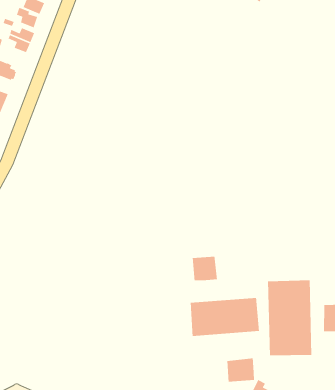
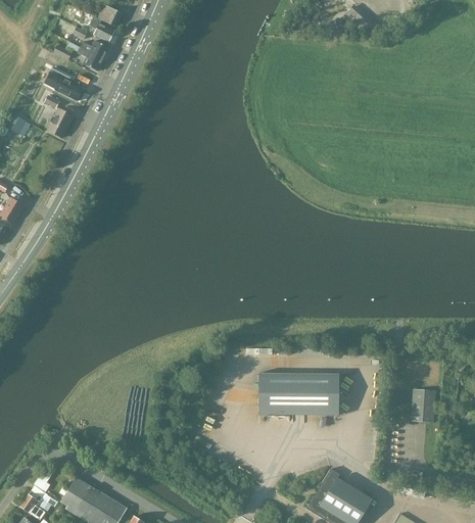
building: [192,256,218,281] -> none
building: [267,279,312,356] -> none
building: [226,357,255,382] -> none

